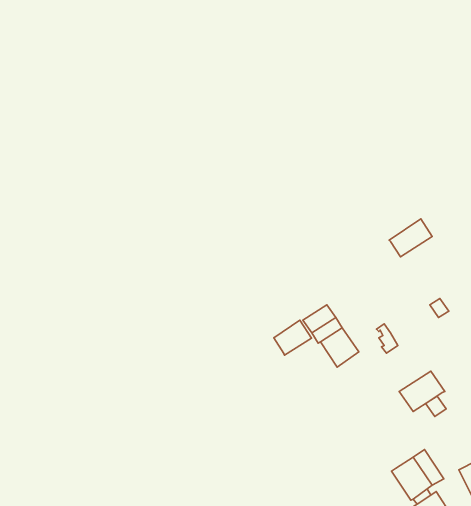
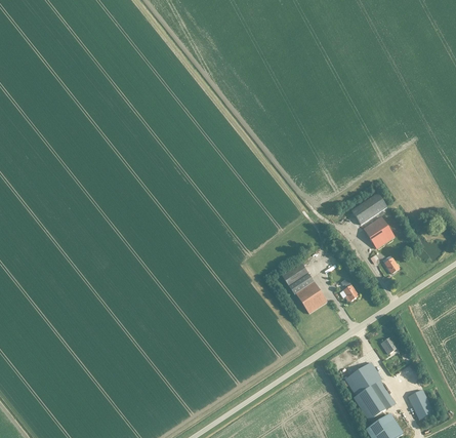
building: none -> [363,216,393,248]
building: [274,320,312,355] -> none
building: [399,371,445,412] -> [344,362,381,395]

